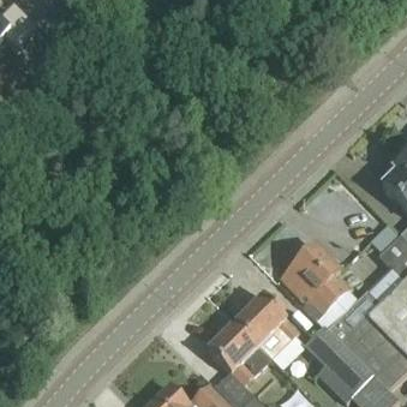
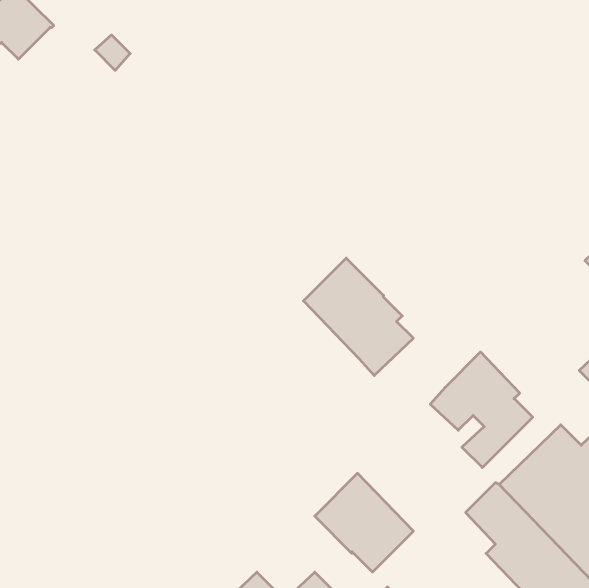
building: [234,293,305,369] -> [303,258,413,376]

